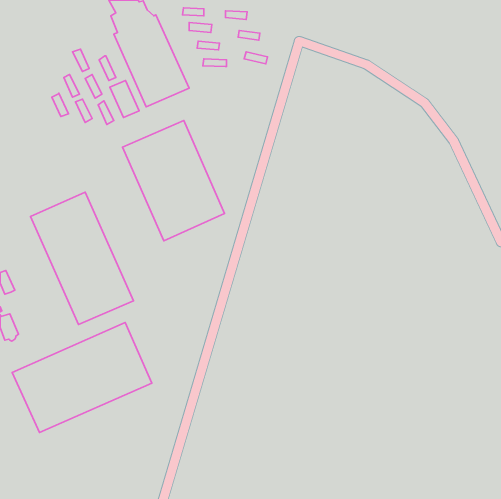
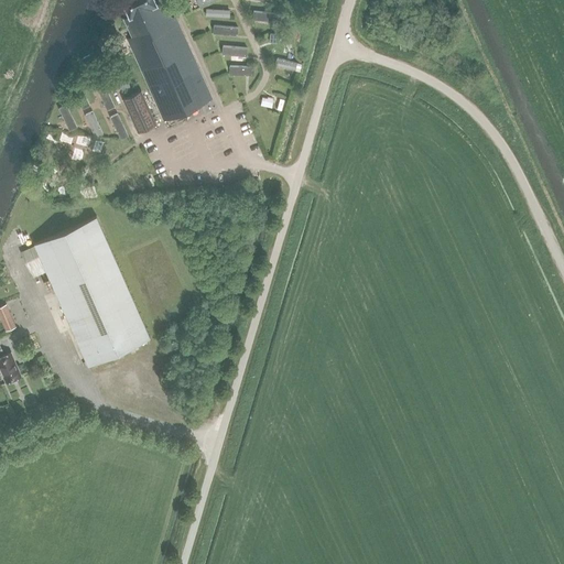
building: [123,120,224,241] -> none
building: [12,322,152,432] -> none

